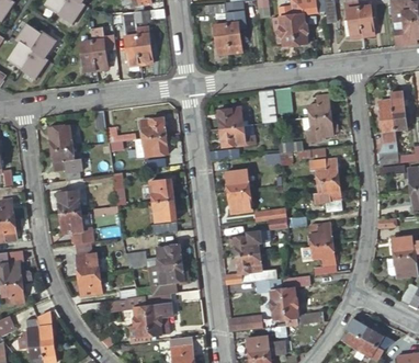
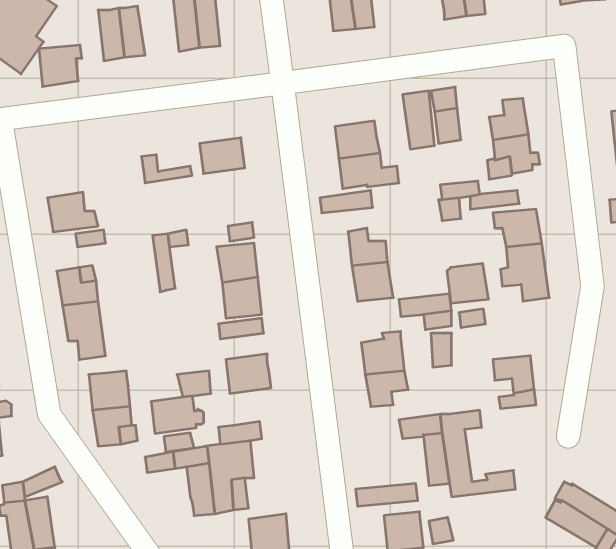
building: [48,127,73,151] -> [39,45,82,87]
building: [141,134,168,157] -> none
building: [308,223,332,246] -> [447,264,488,303]
building: [157,262,188,284] -> [151,396,204,433]

